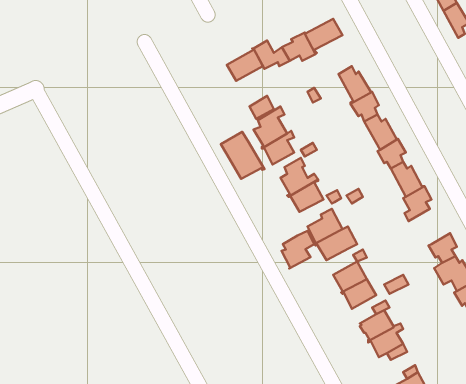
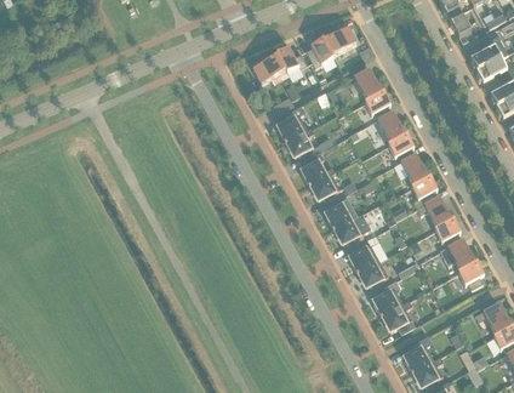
building: [221,132,265,179] -> none
building: none -> [416,197,453,228]
building: [282,231,314,269] -> none

